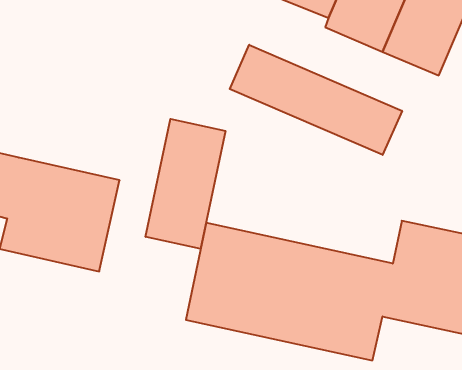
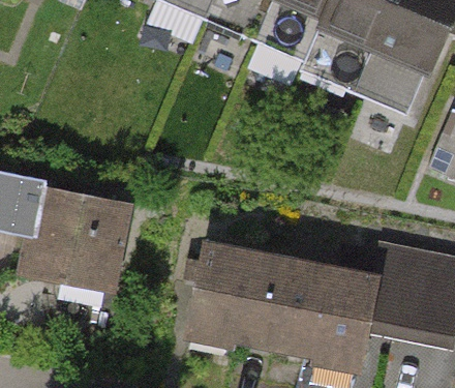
building: [230,45,402,155] -> none
building: [146,119,225,249] -> none

